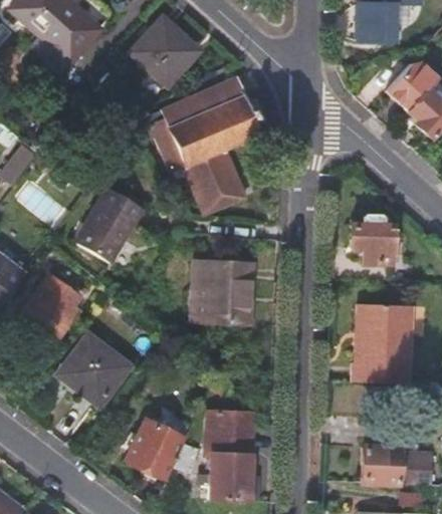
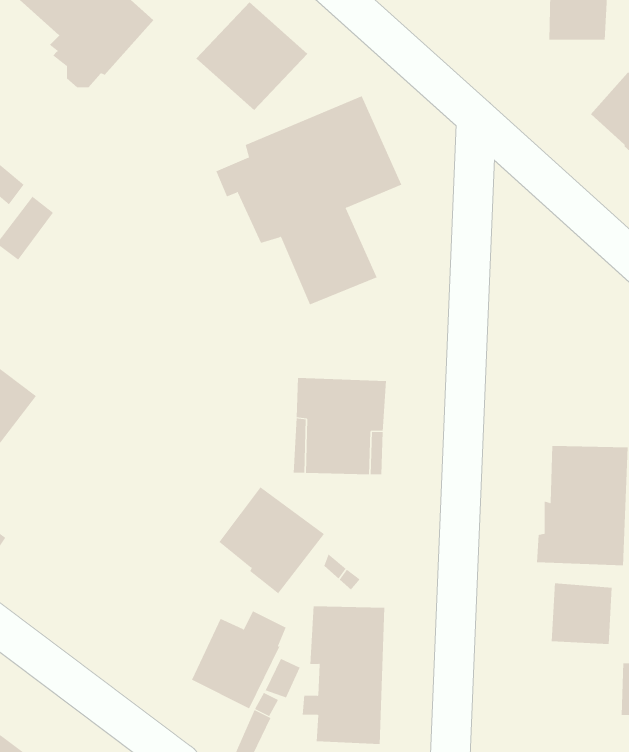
building: [74,187,142,262] -> none
building: [349,222,393,264] -> none
building: [23,272,80,335] -> none
building: [60,334,130,405] -> [219,486,325,594]
building: [361,444,401,484] -> [551,583,613,645]

